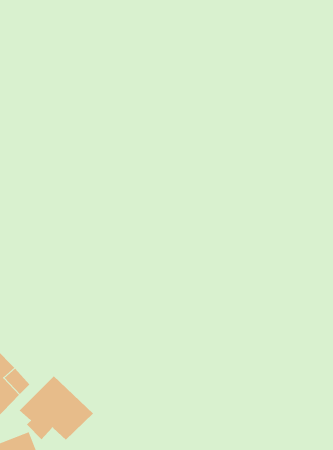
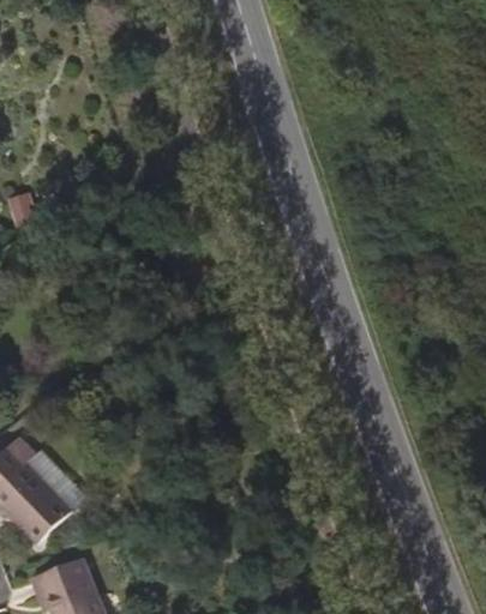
building: [19,376,94,441] -> none

